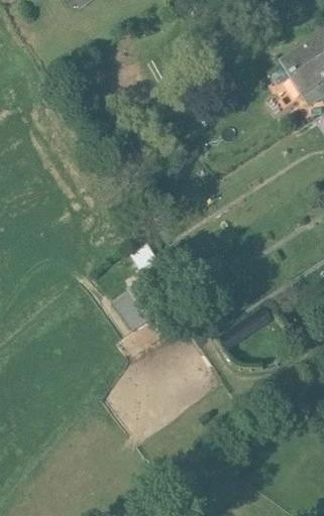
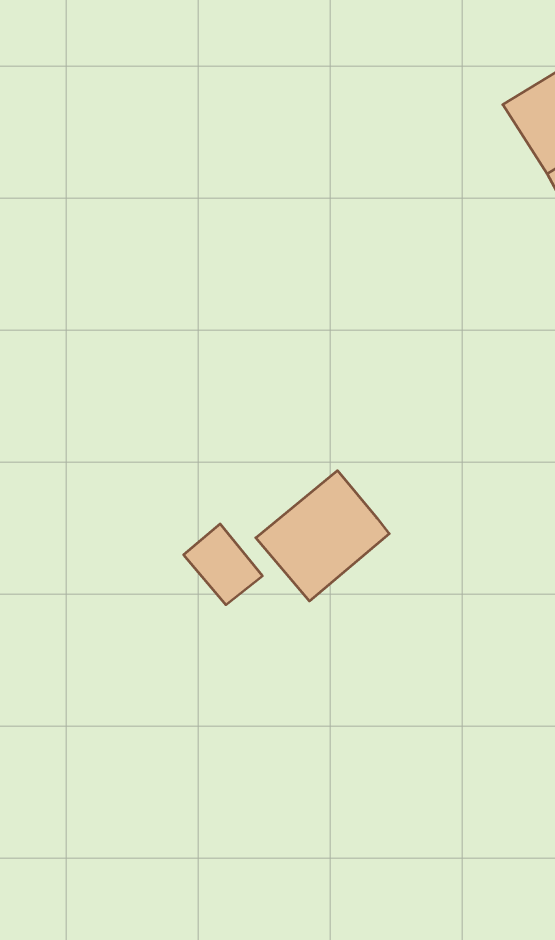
building: none -> [256,471,389,601]

